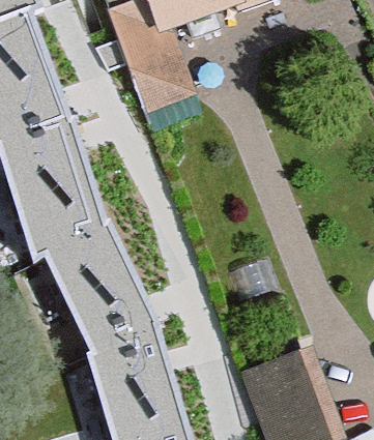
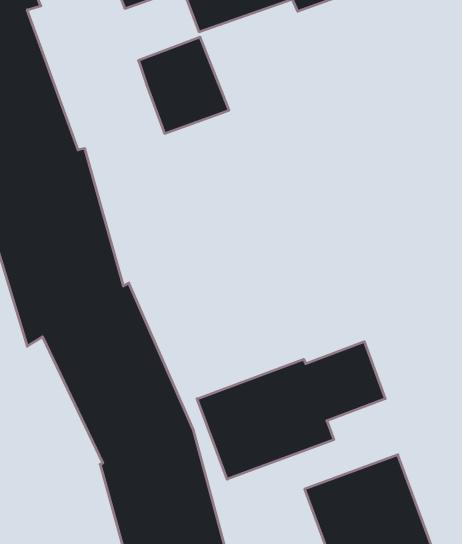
building: none -> [197,342,385,479]

